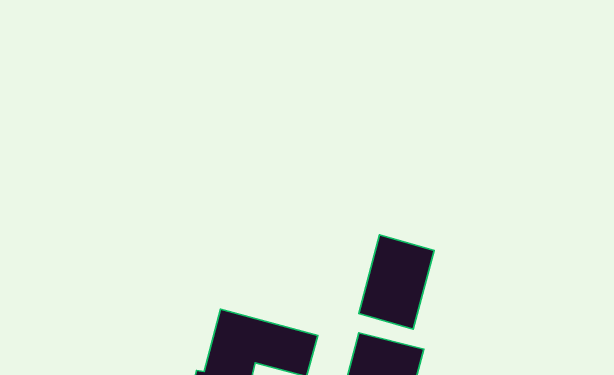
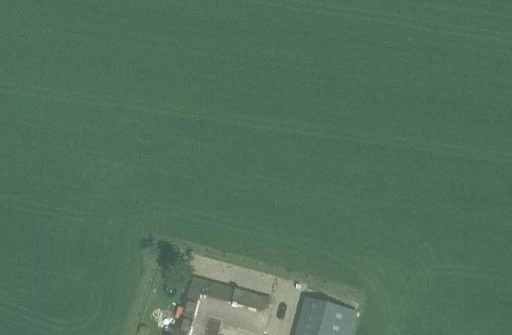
building: [359,235,434,329] -> none

